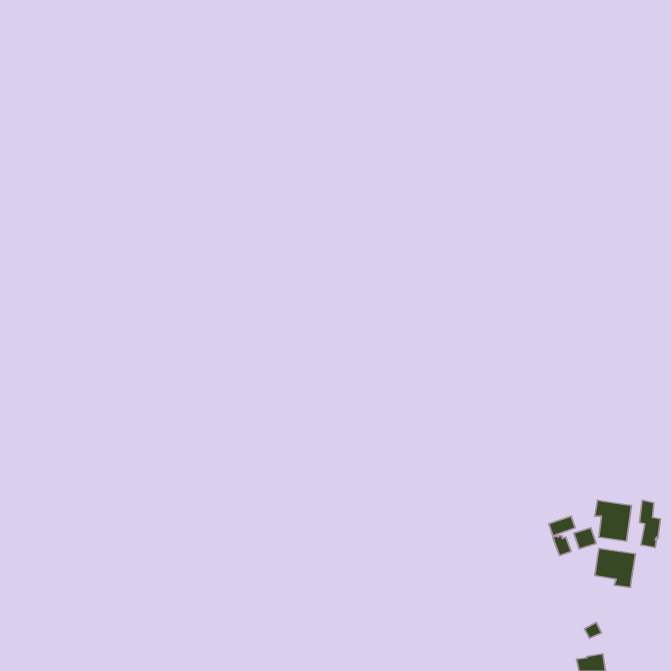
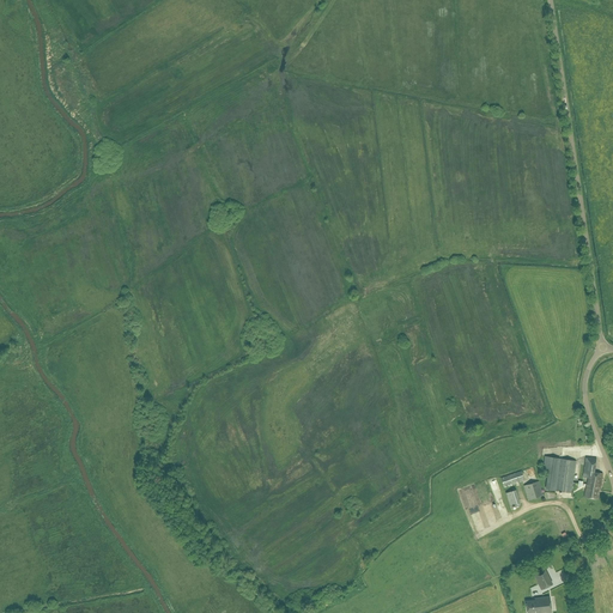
building: [595,548,635,587] -> none

